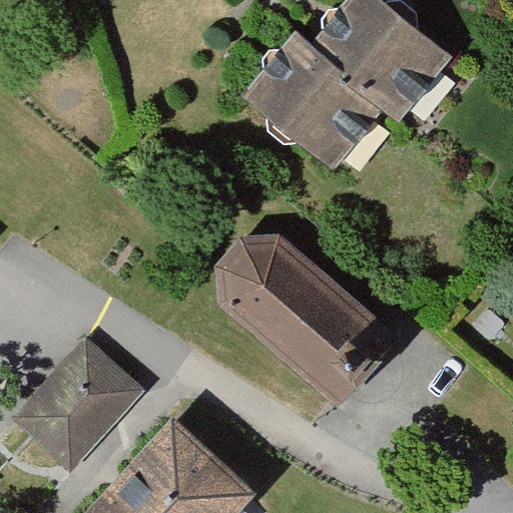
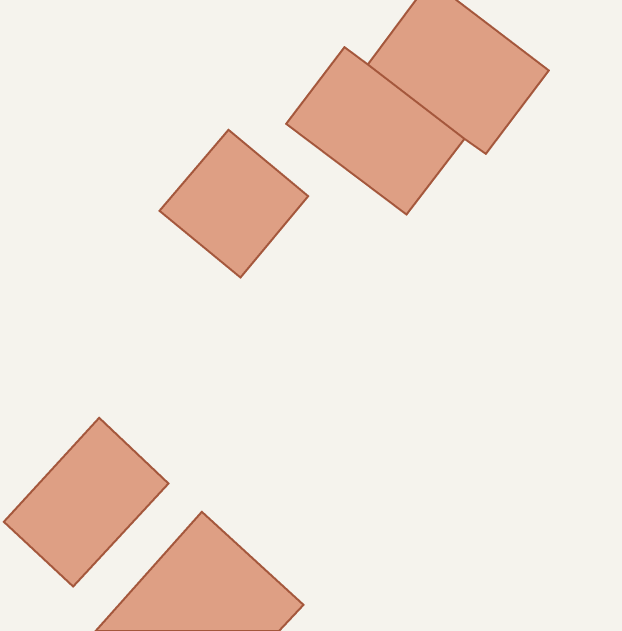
building: none -> [160,130,308,278]
building: [213,233,400,406] -> none

